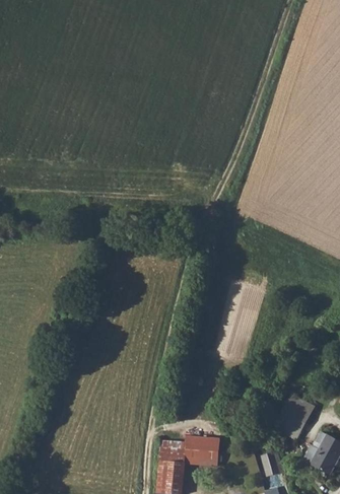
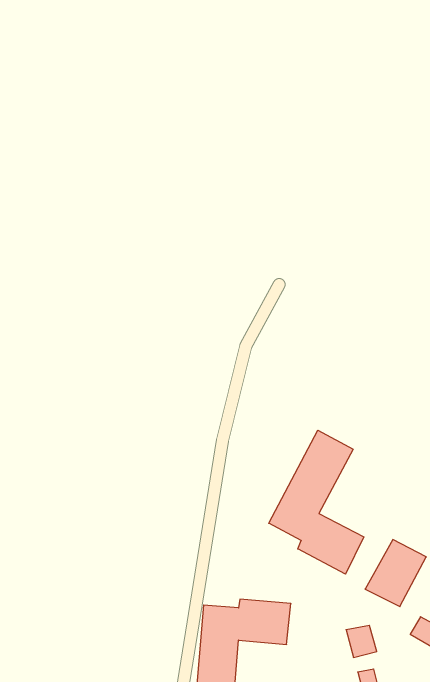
building: none -> [269,430,364,574]

